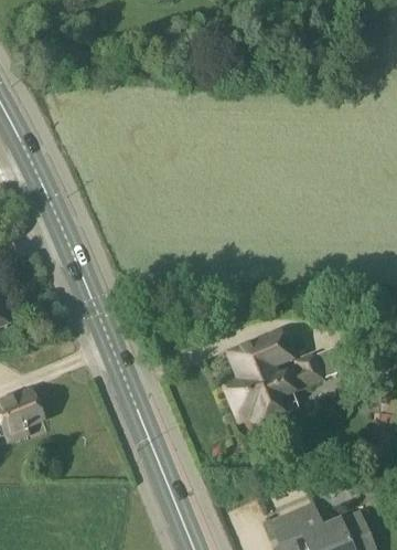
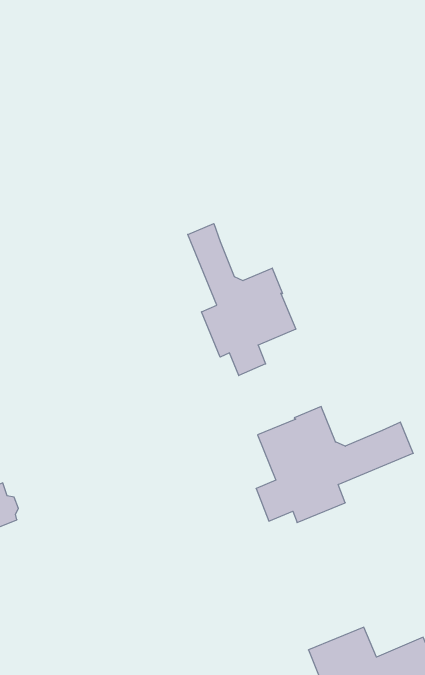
building: none -> [188,224,296,376]

